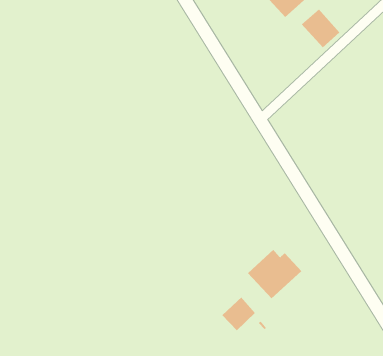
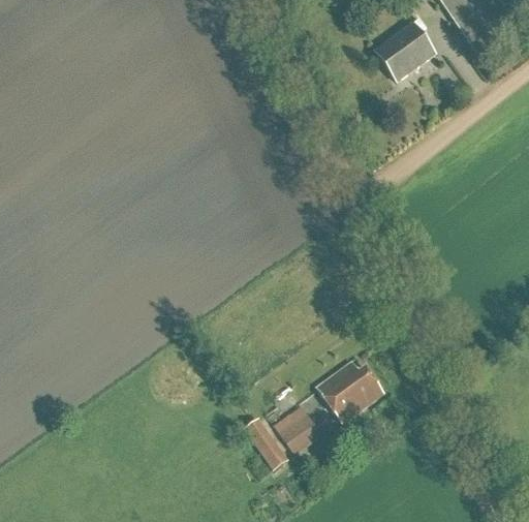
building: [301,8,340,48] -> none
building: none -> [244,418,288,469]

